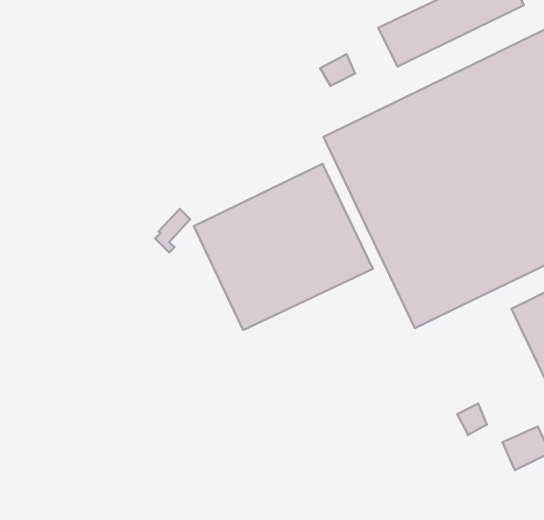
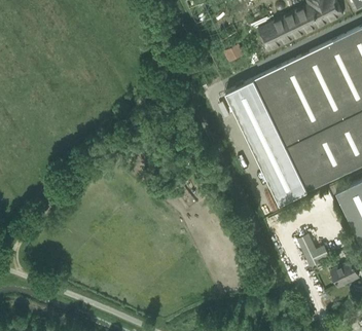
building: [194,164,373,330] -> none

